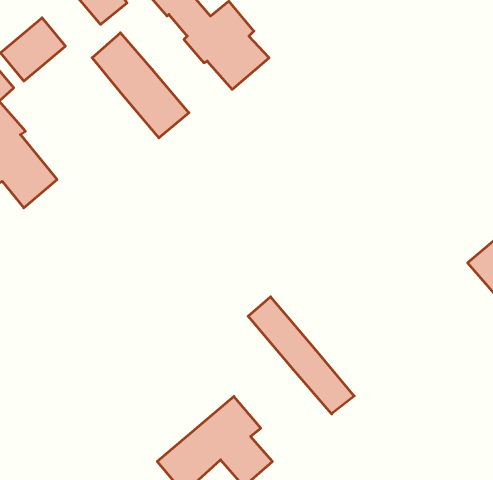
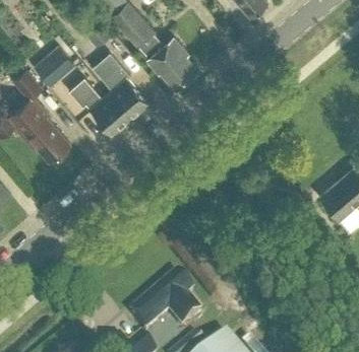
building: none -> [68,76,130,133]
building: [248,297,354,414] -> none

